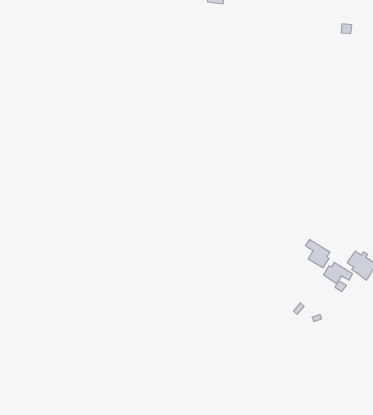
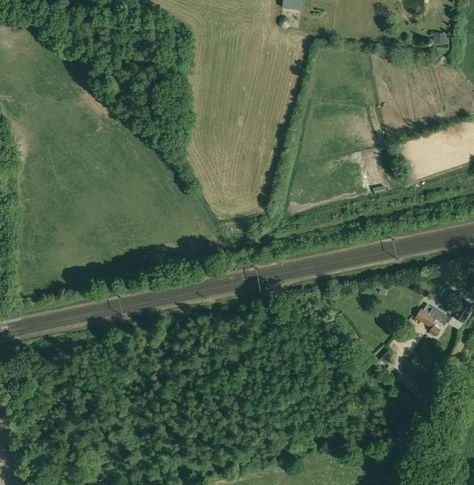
building: [306,239,330,268] -> none

